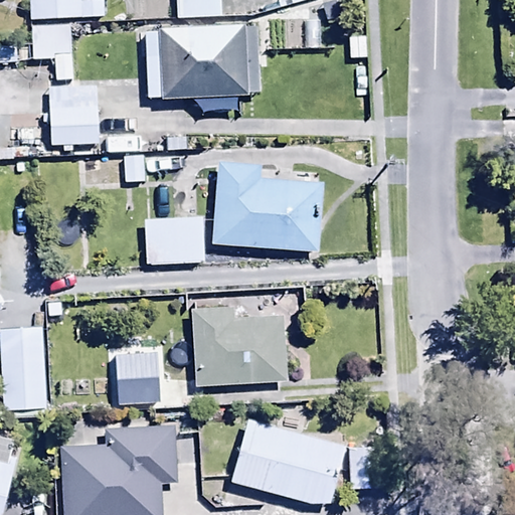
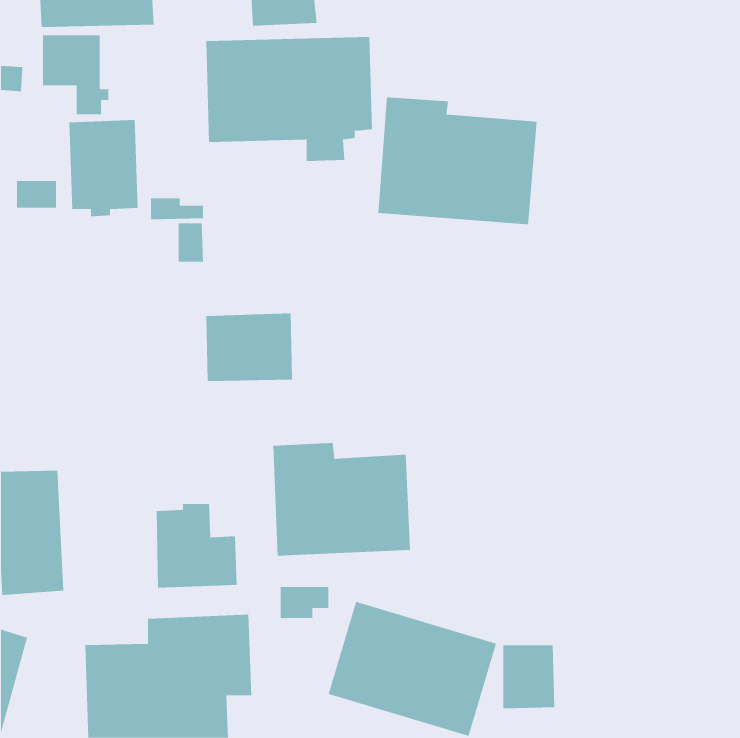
building: [213,163,324,251] -> [377,97,538,225]

